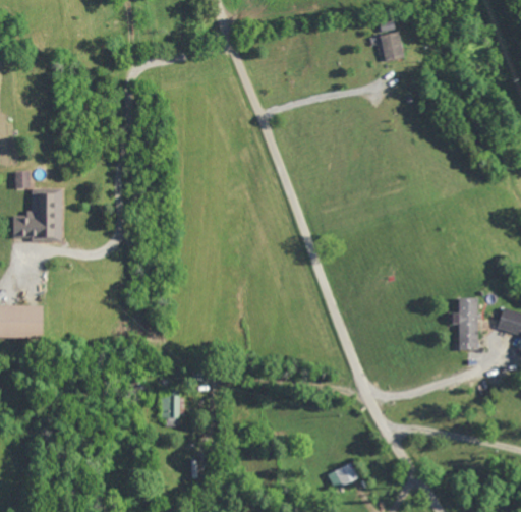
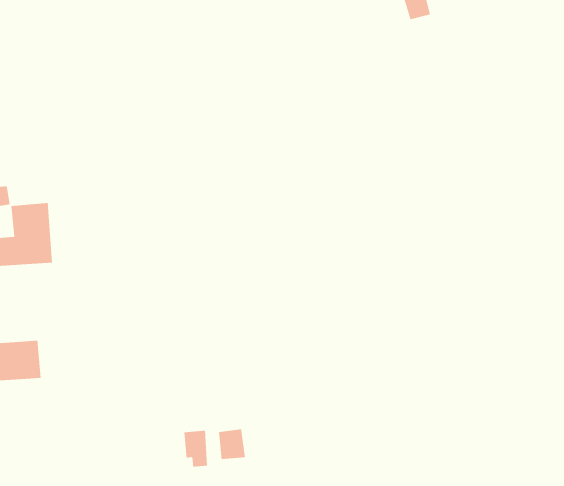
building: [453,297,479,349] -> none
building: none -> [219,429,246,460]

